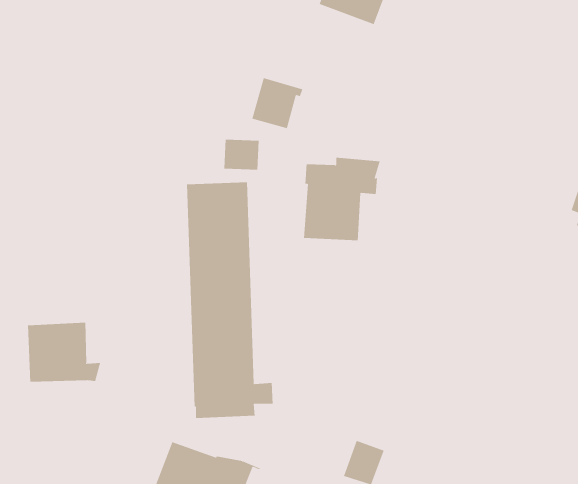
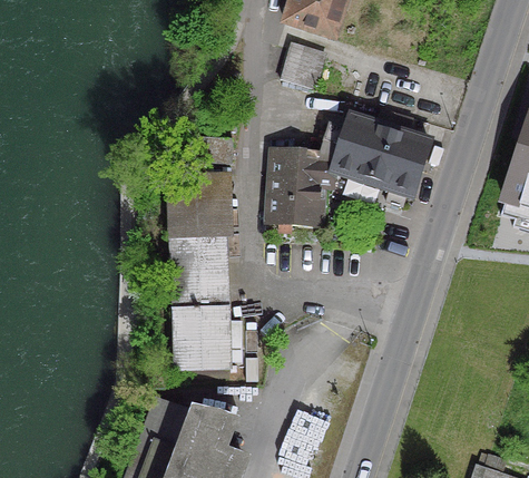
building: [252,78,303,129] -> [282,42,326,87]
building: none -> [325,108,431,205]
building: [27,322,101,382] -> none

